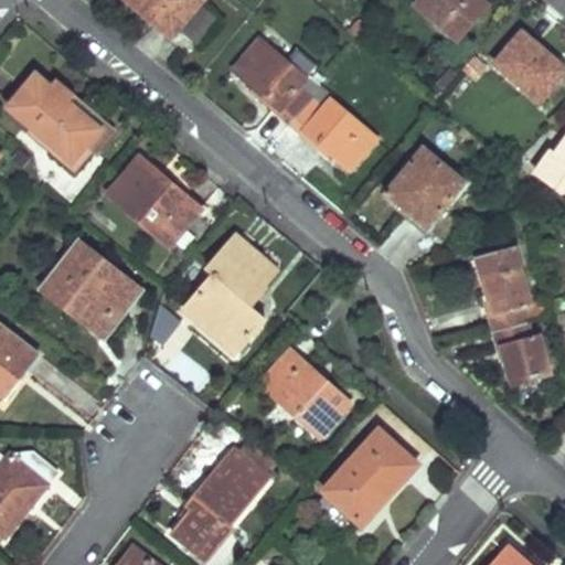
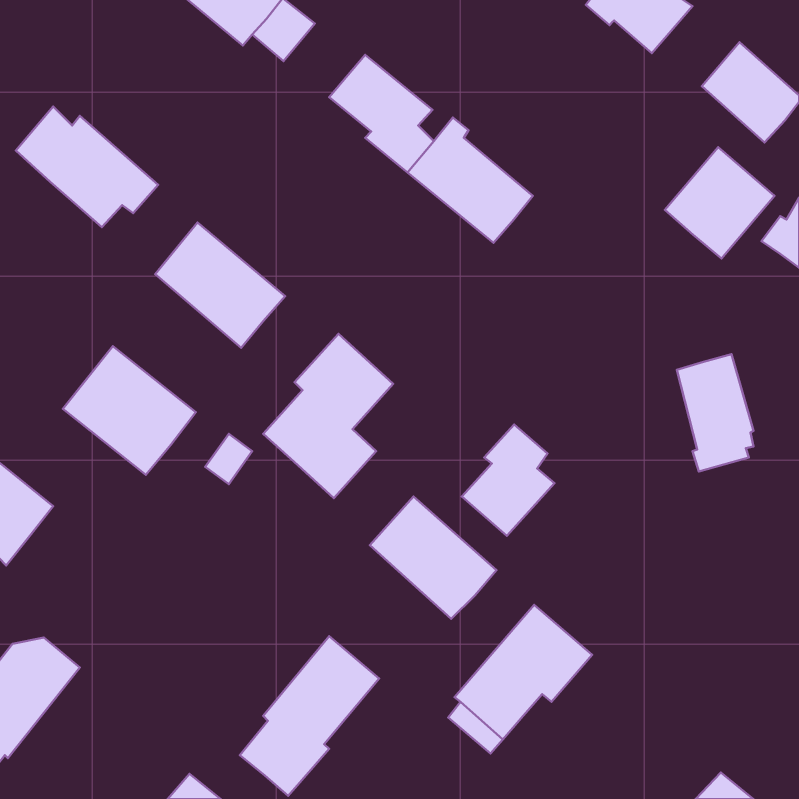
building: [385,149,462,227] -> [665,147,775,258]
building: none -> [462,425,554,536]
building: [492,322,550,381] -> none

